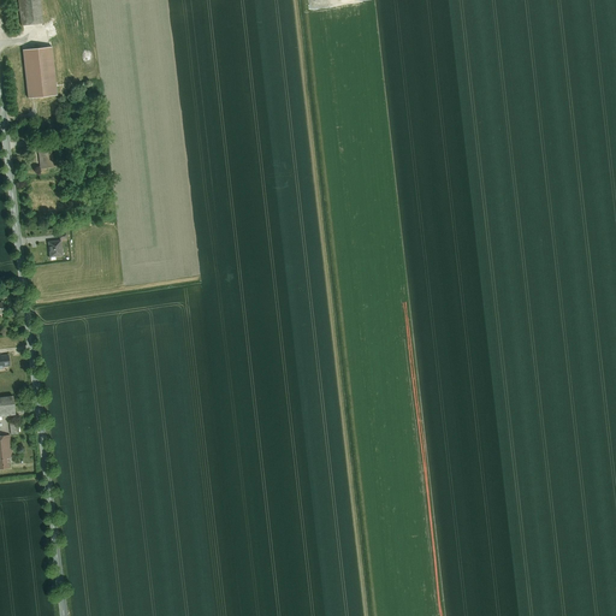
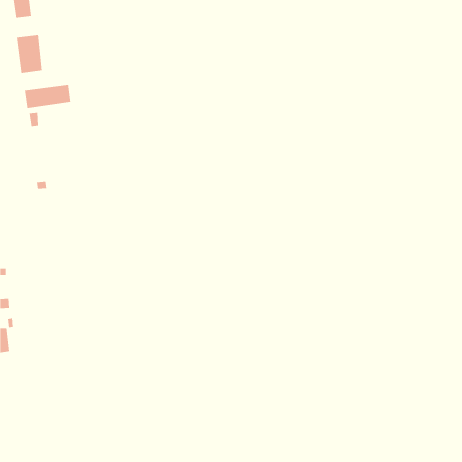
building: none -> [25,84,71,109]

